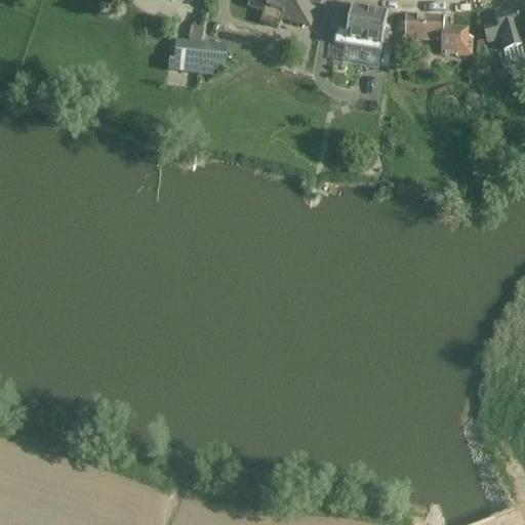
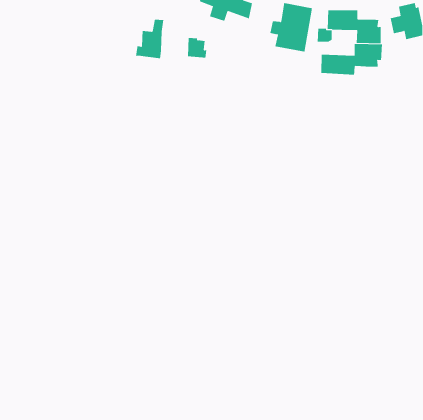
building: [200,39,225,65] -> [187,37,207,58]
building: none -> [321,43,383,75]

